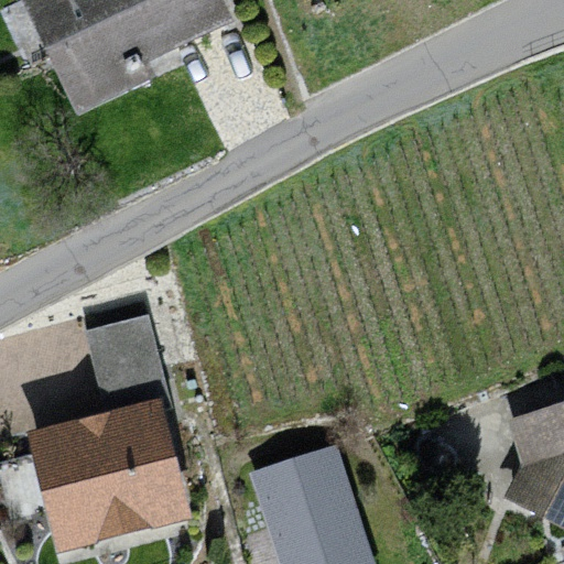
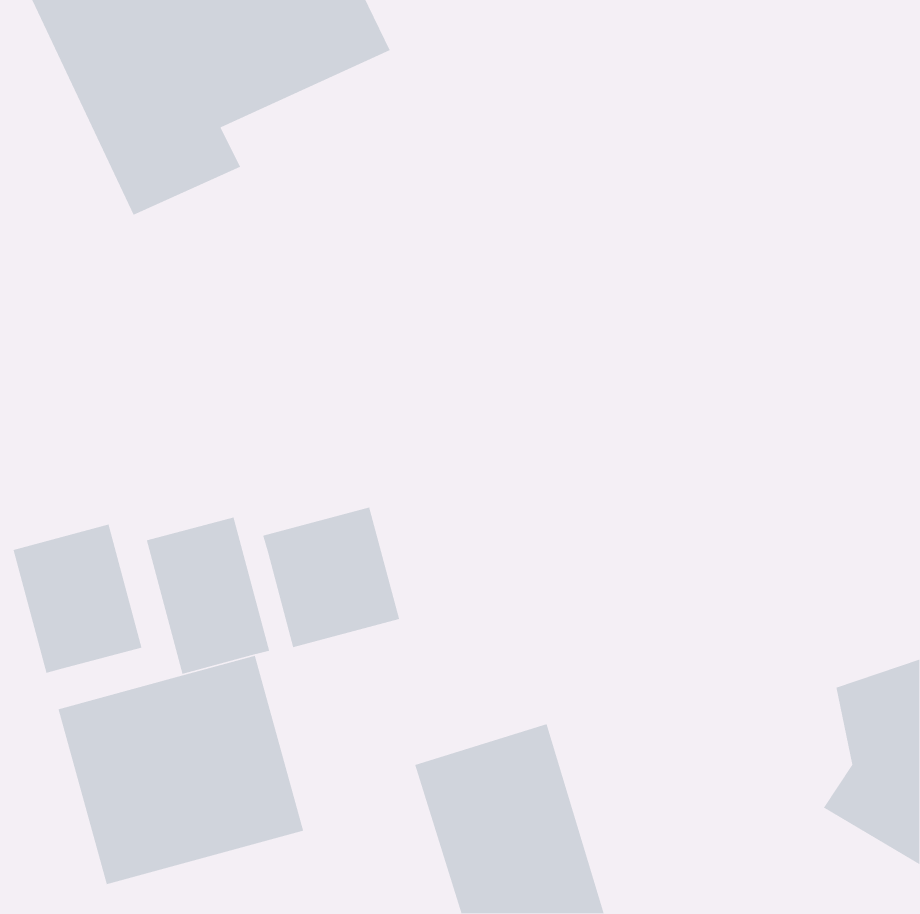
building: none -> [262,506,400,648]
building: none -> [13,524,142,674]

